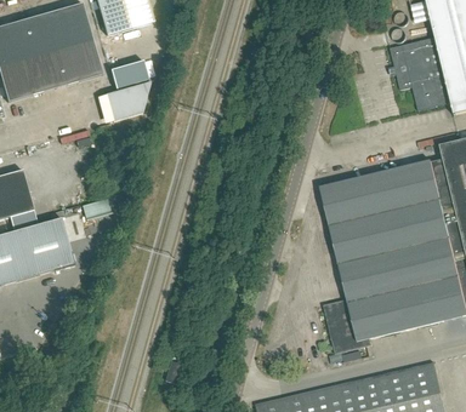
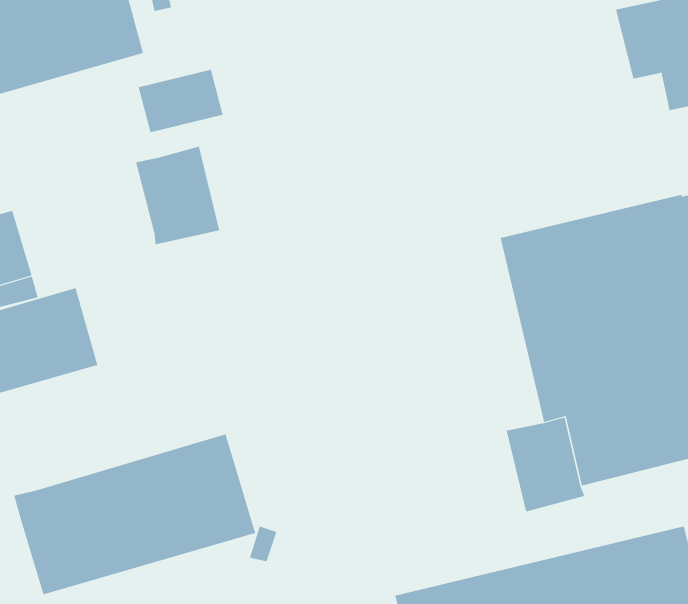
building: [110,61,148,90] -> none
building: none -> [136,146,220,245]
building: none -> [13,434,256,595]

